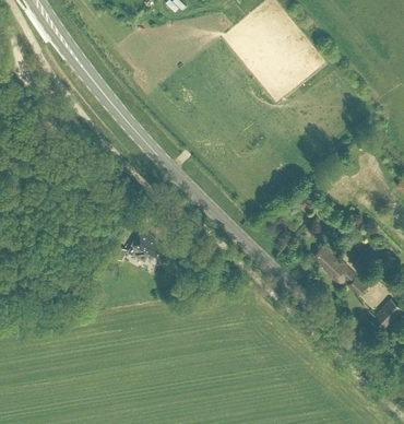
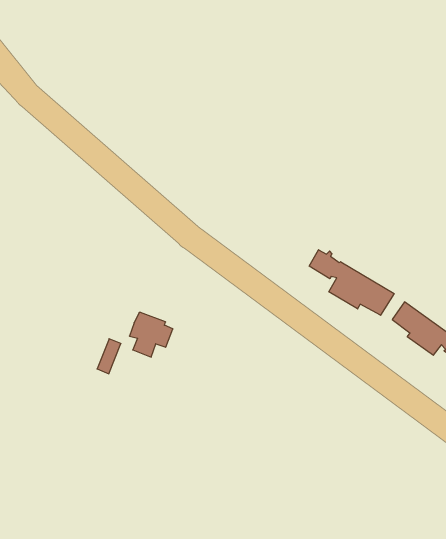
building: none -> [309,250,394,315]

